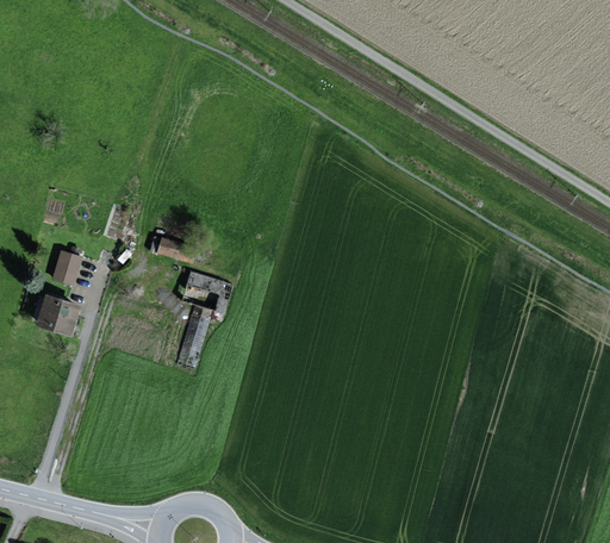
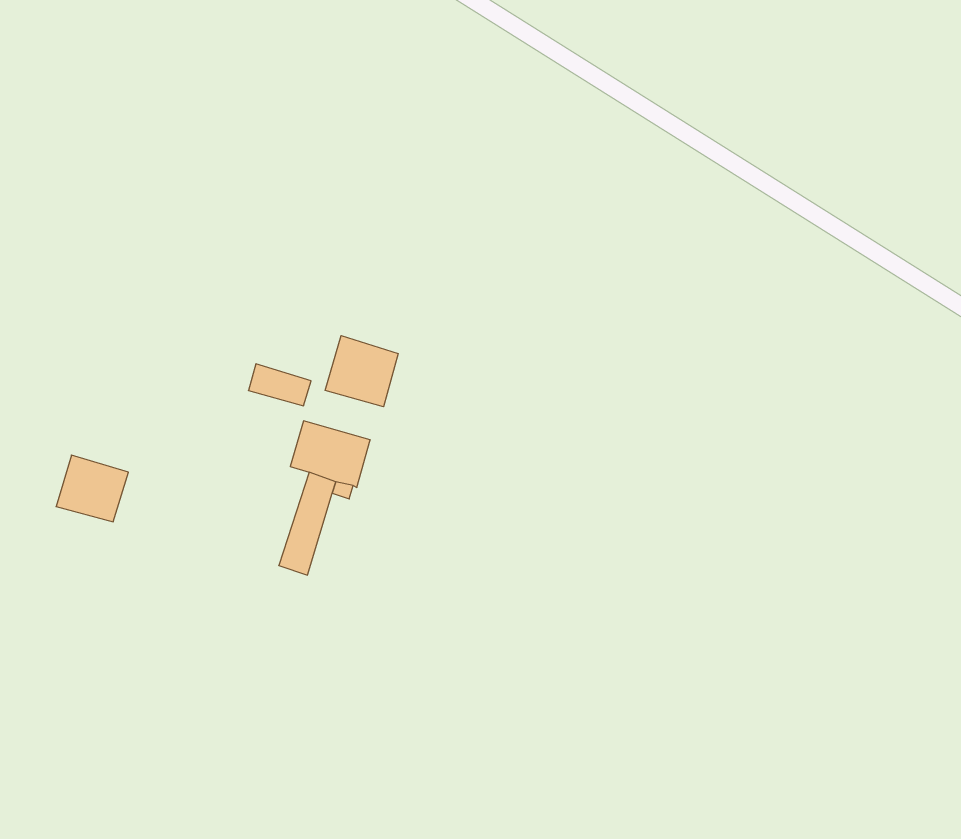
building: none -> [325,336,398,407]
building: [51,250,82,286] -> none

